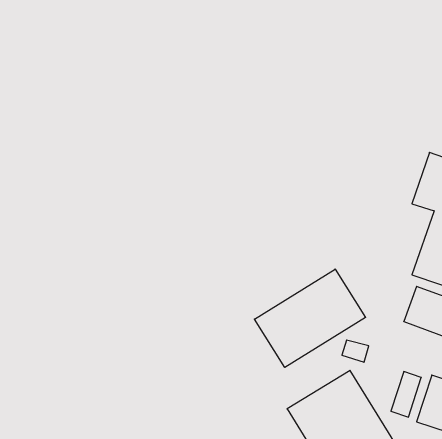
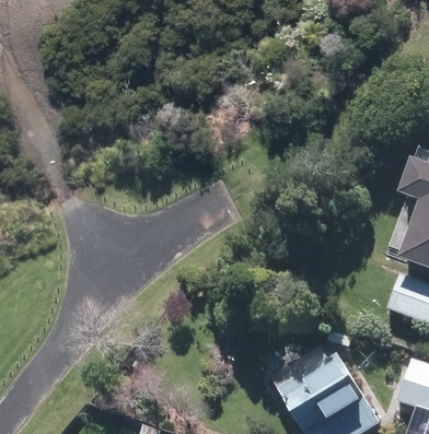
building: [254,269,366,367] -> none

